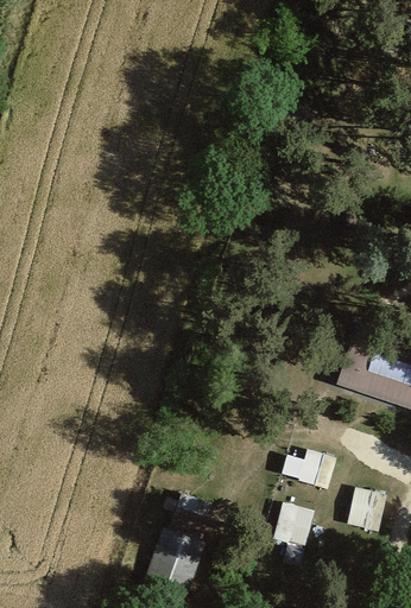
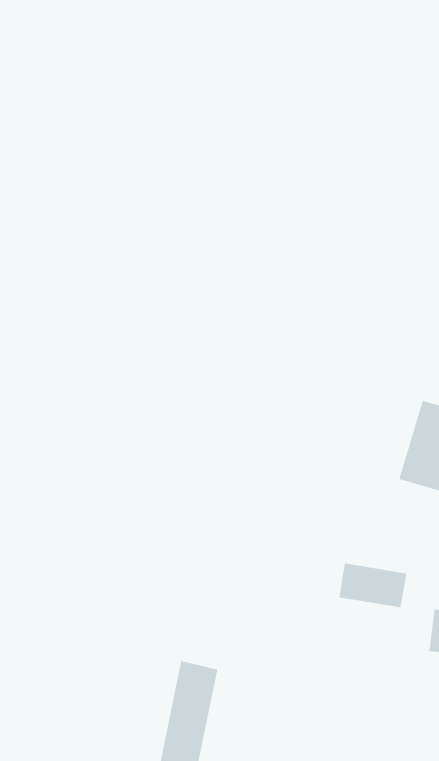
building: [277,506,315,545] -> none

